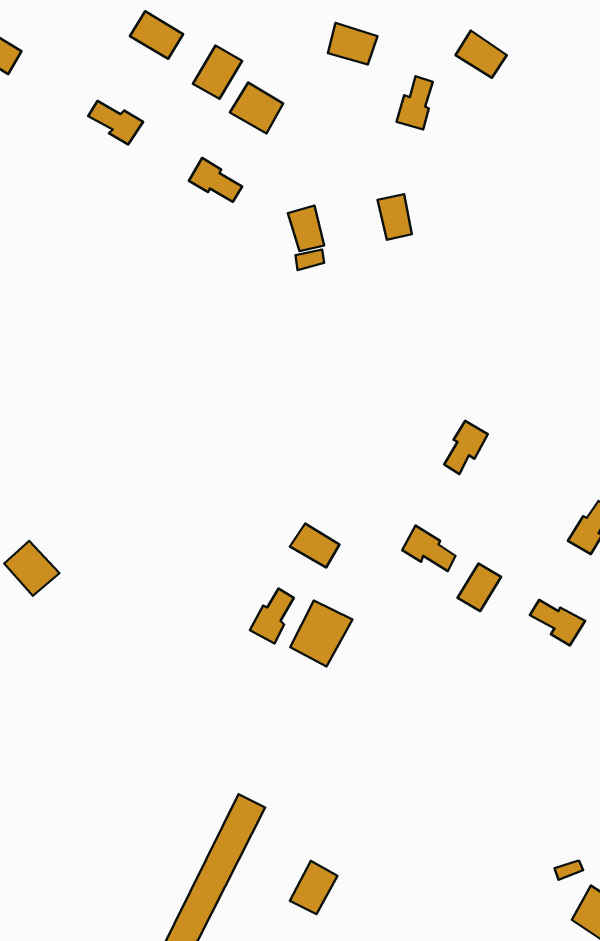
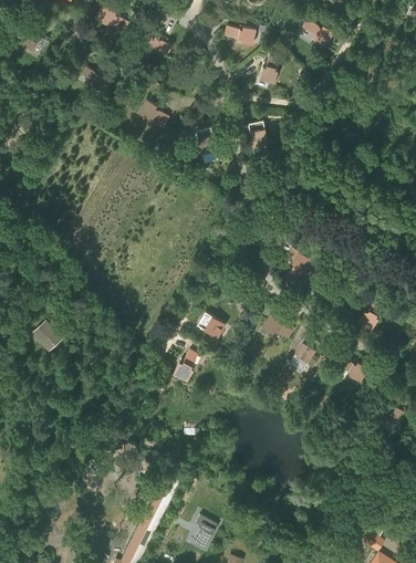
building: [230,83,283,134] -> none
building: [290,601,352,667] -> none

